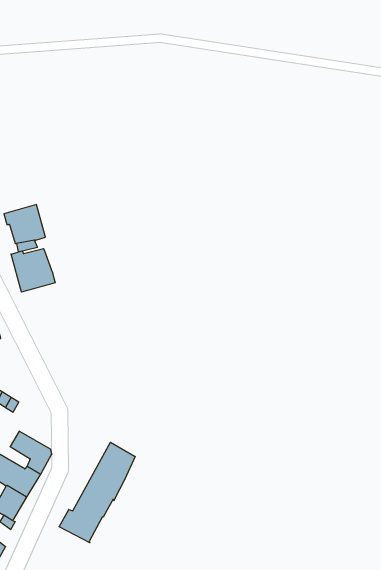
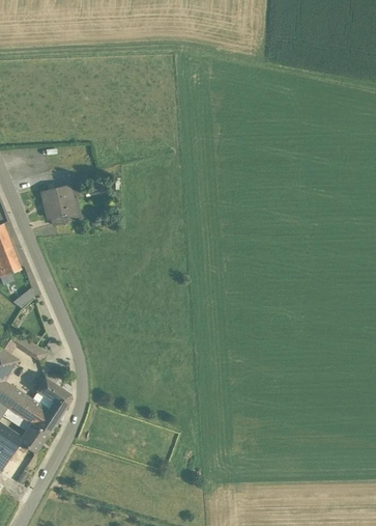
building: [11,249,55,292] -> none
building: [59,442,135,543] -> none

